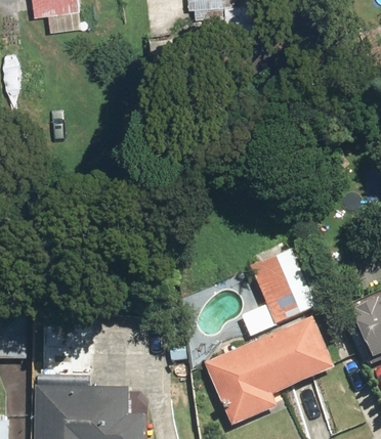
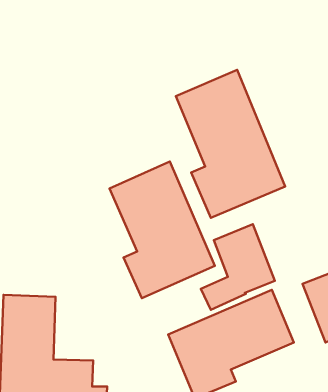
building: none -> [176,70,285,218]
building: none -> [109,162,215,298]

